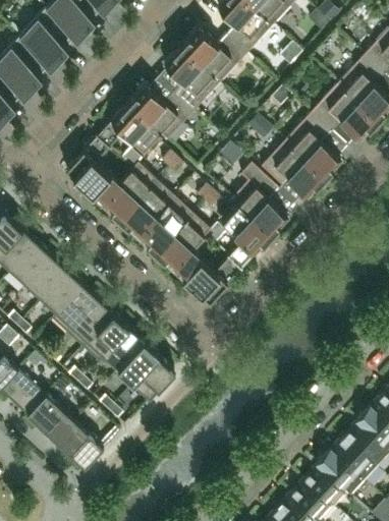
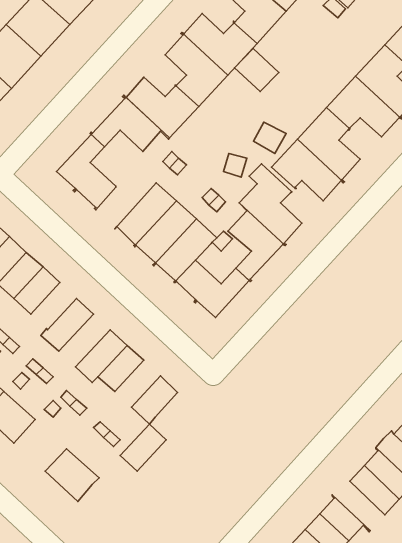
building: none -> [235,49,279,92]
building: [101,163,156,222] -> none
building: [42,271,84,313] -> none
building: [67,299,114,347] -> none
building: [118,341,160,384] -> [120,424,166,471]
building: [26,395,74,442] -> none
building: [316,448,364,496] -> none

